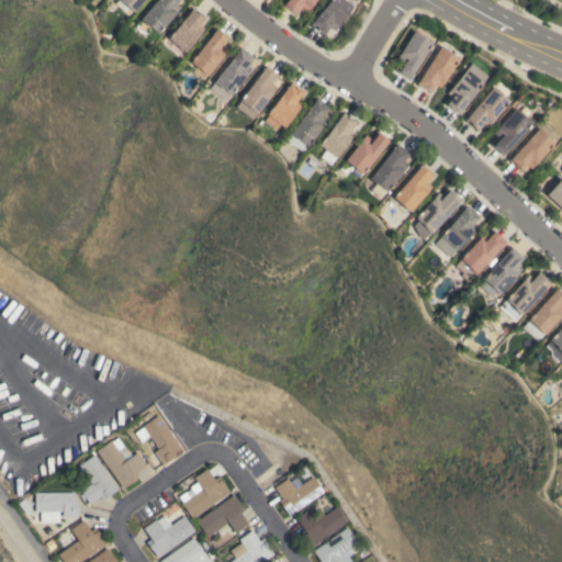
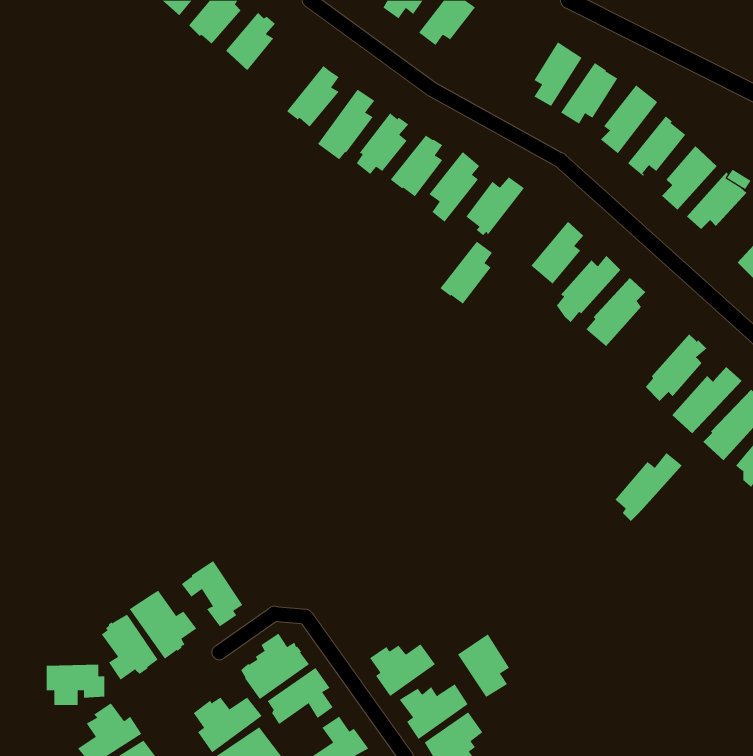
building: [192,30,231,77] -> none
building: [372,145,412,192] -> [440,241,493,305]
building: [458,232,508,283] -> [614,452,683,522]
building: none -> [457,634,510,698]

